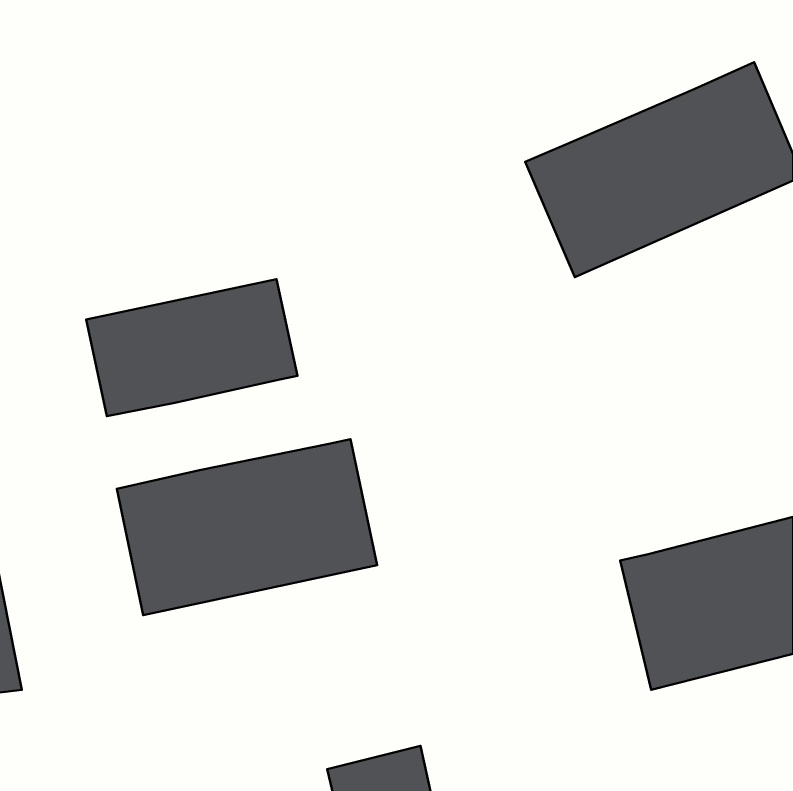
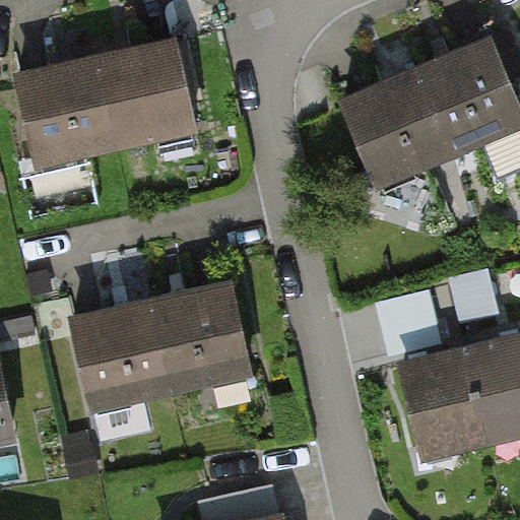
building: none -> [19,45,192,161]
building: [86,279,298,416] -> none

